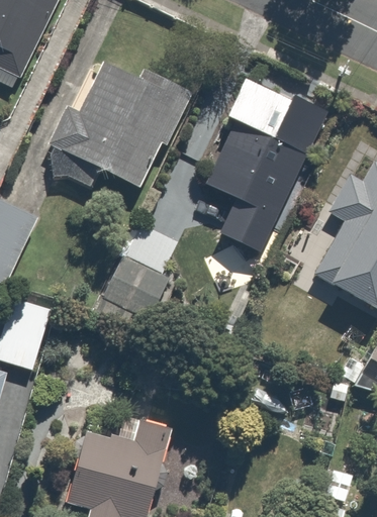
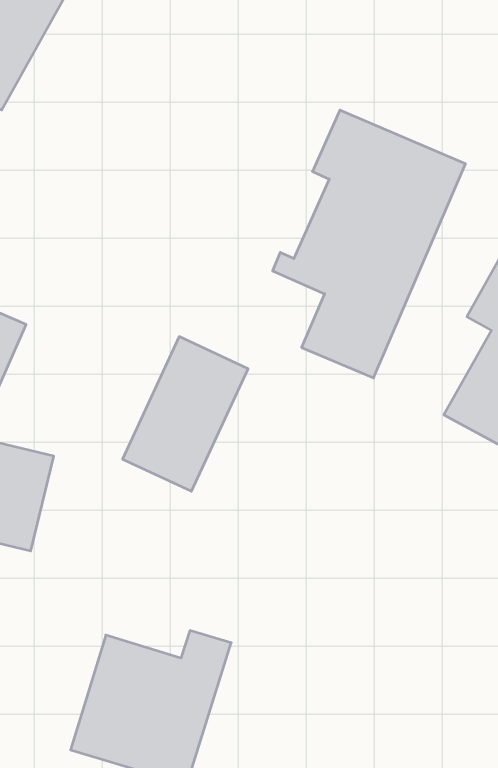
building: [48,69,184,190] -> none

